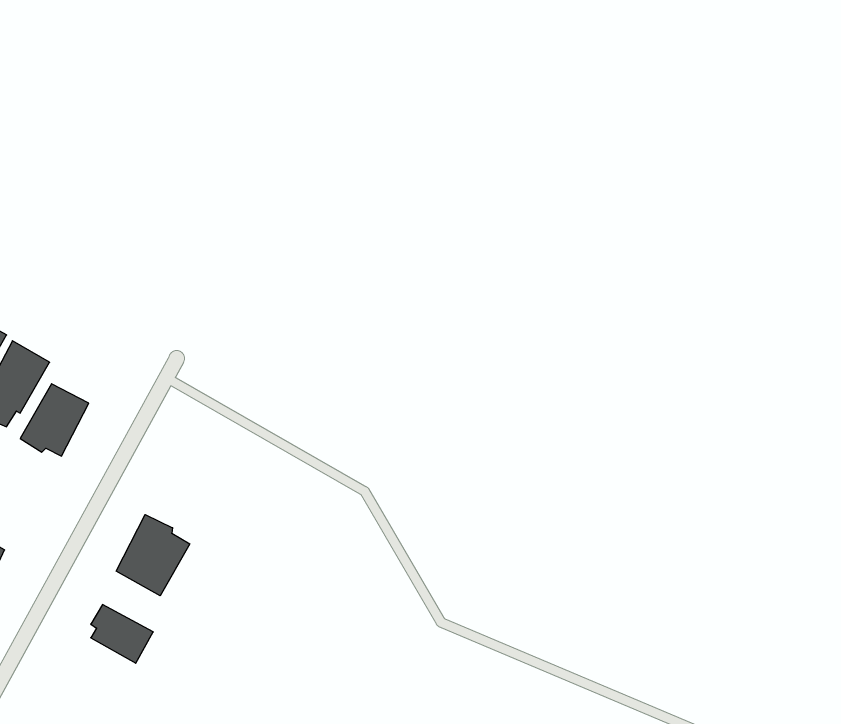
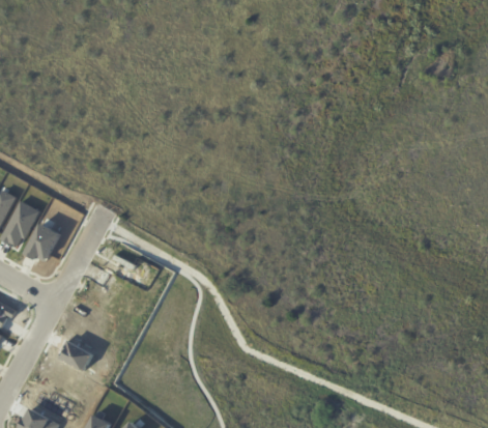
building: [116,515,190,596] -> none

